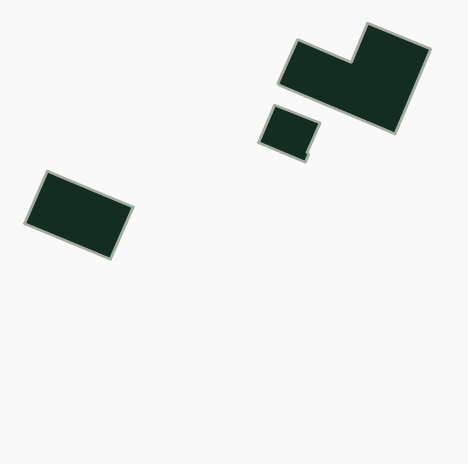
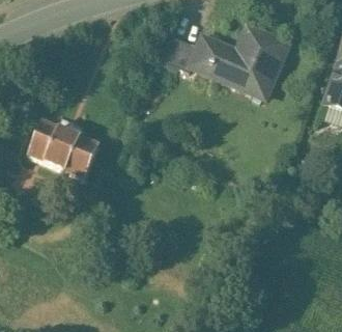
building: [258,105,320,162] -> [159,35,198,72]

